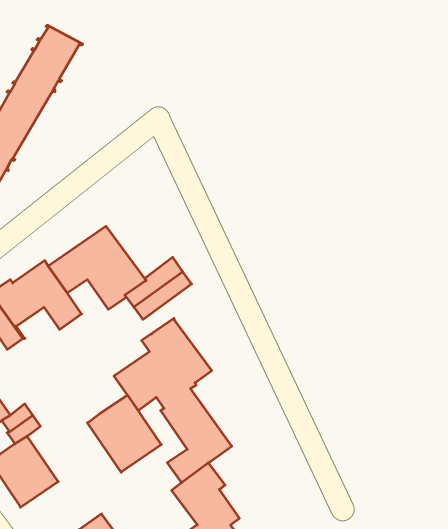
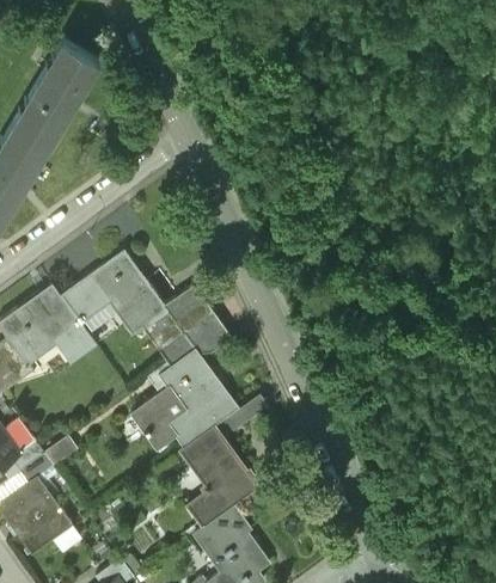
building: none -> [164,314,234,368]
building: [87,395,161,472] -> none

